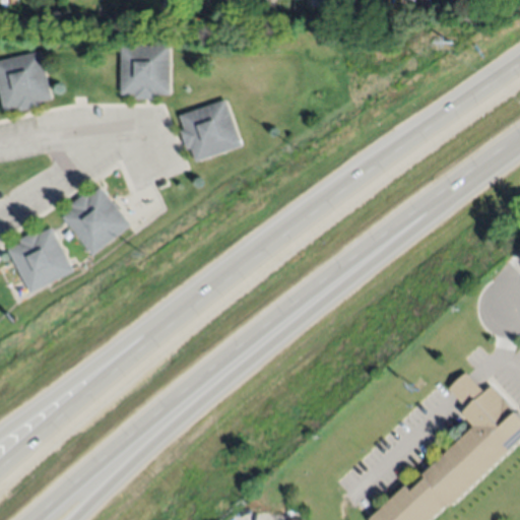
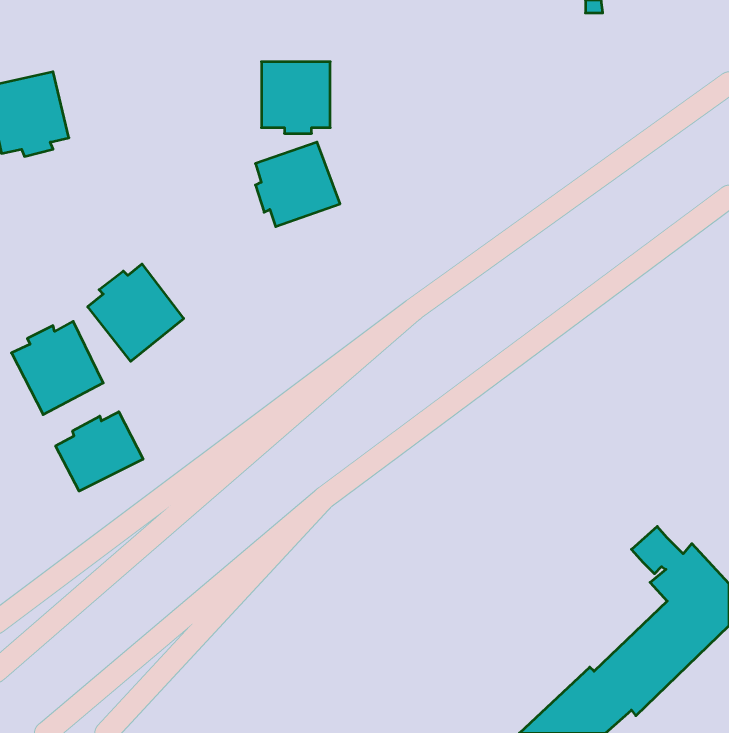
building: [121,47,170,98] -> [261,62,330,133]
building: none -> [56,412,143,491]

